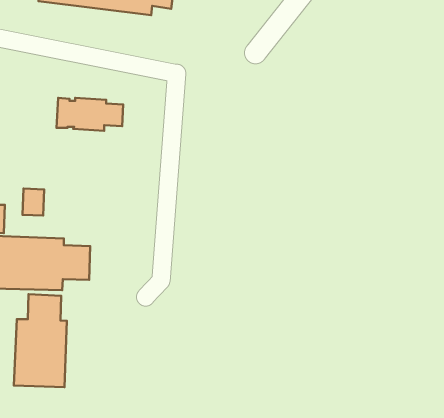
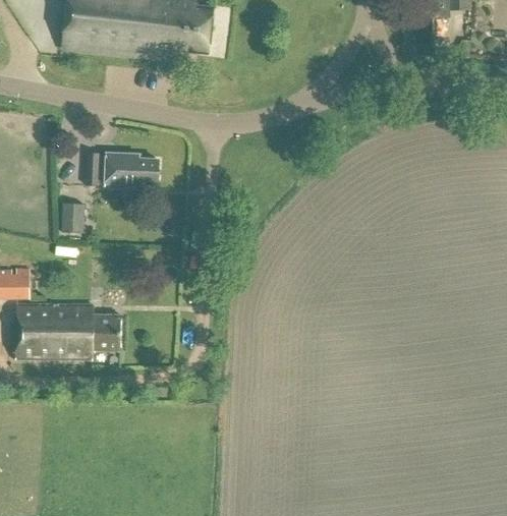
building: [22,188,44,216] -> [60,204,83,233]
building: [14,294,67,387] -> none

